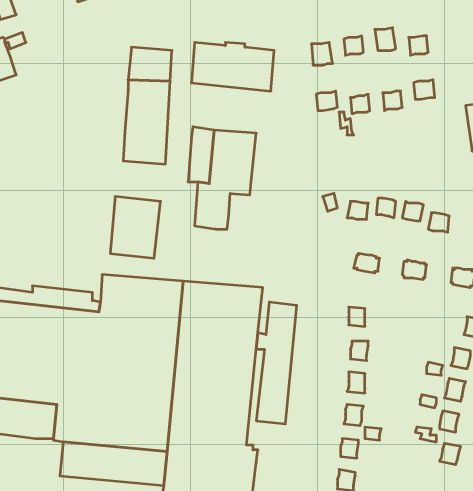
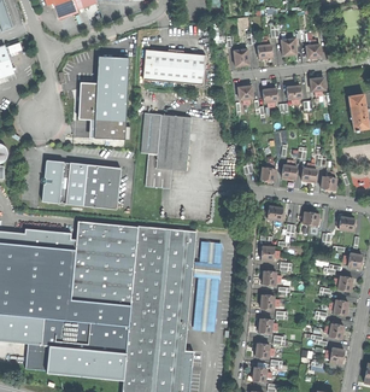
building: none -> [76,82,96,115]
building: none -> [40,159,87,205]
building: none -> [25,343,48,370]

